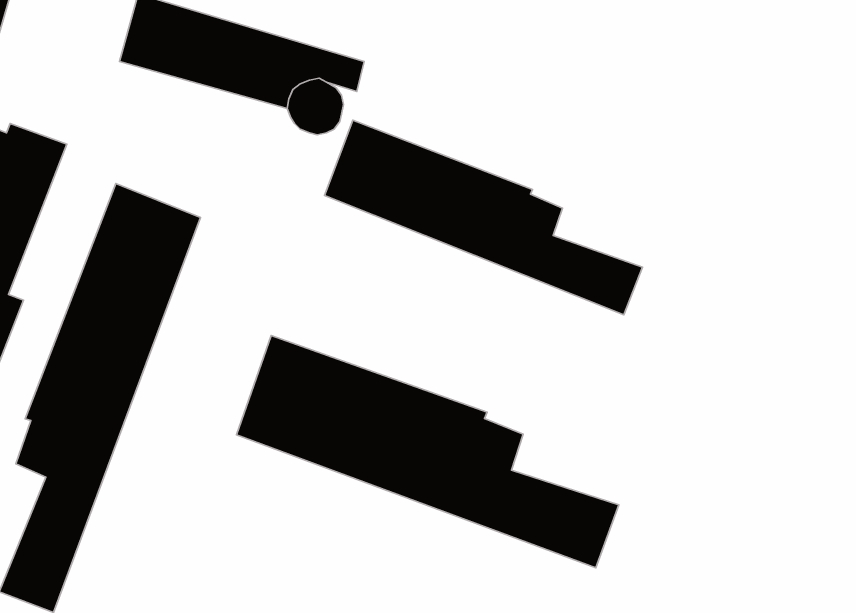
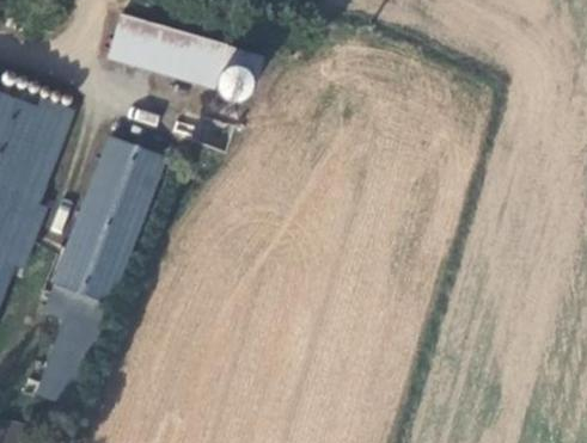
building: [325,120,643,315] -> none
building: [237,335,619,568] -> none

